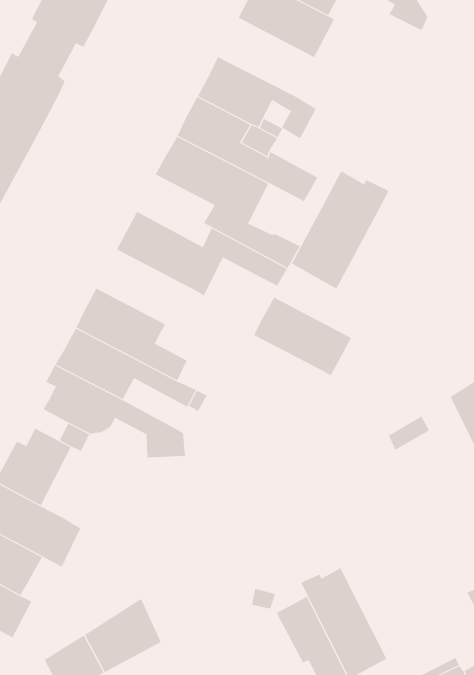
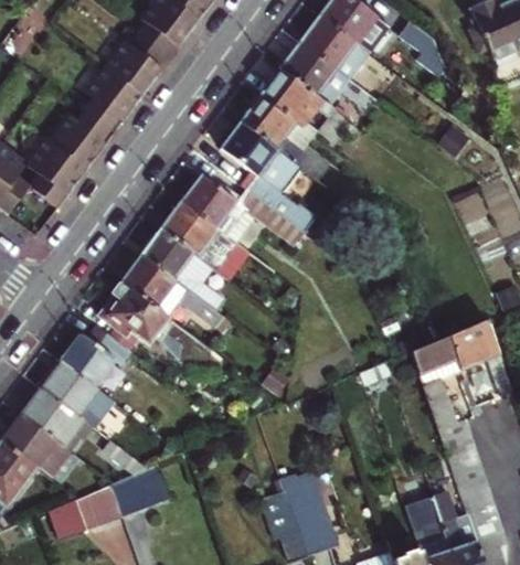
building: none -> [277,41,350,106]
building: [291,171,389,290] -> none
building: [253,297,352,376] -> [159,201,233,267]

